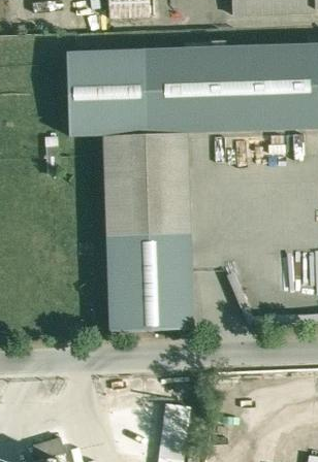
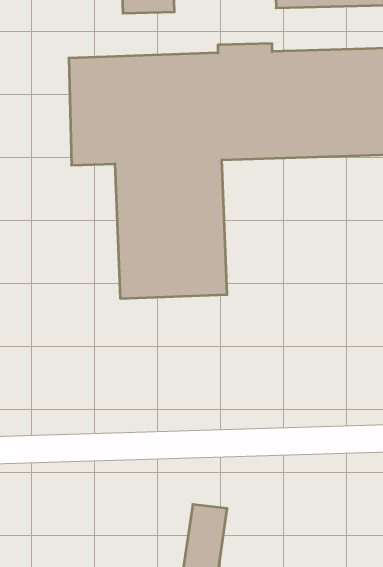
building: [107,236,194,330] -> none

